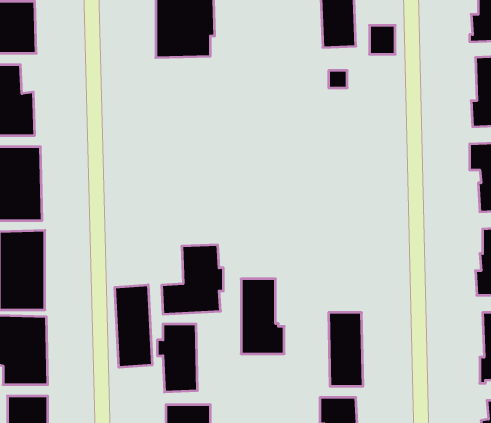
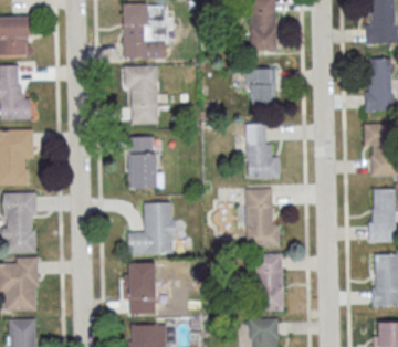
building: [369,25,395,54] -> [251,83,271,105]
building: none -> [124,65,157,125]
building: none -> [245,124,279,178]
building: none -> [127,136,156,188]
building: [241,279,284,354] -> [245,189,279,246]
building: [115,285,152,367] -> none

